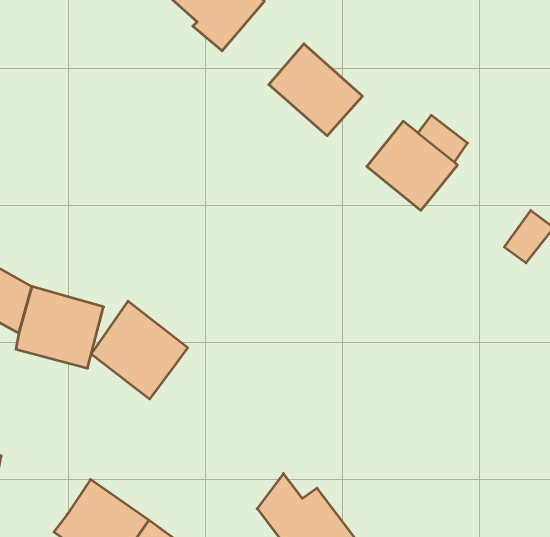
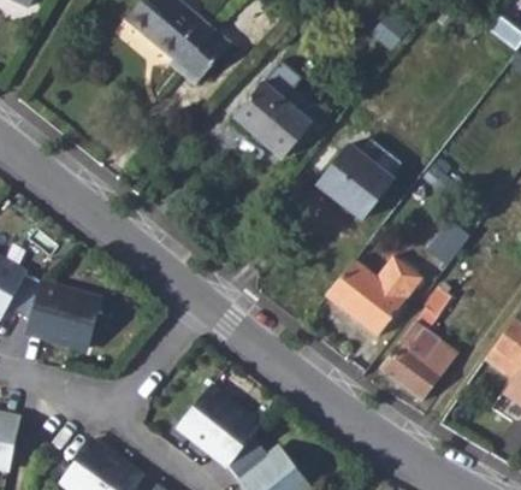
building: none -> [327,258,413,332]
building: [91,301,188,399] -> [178,383,257,464]
building: none -> [383,306,458,401]

